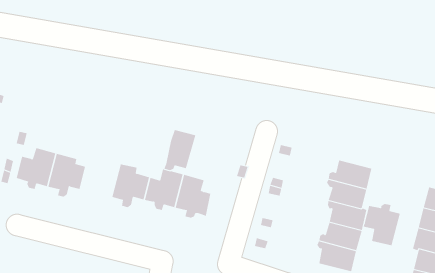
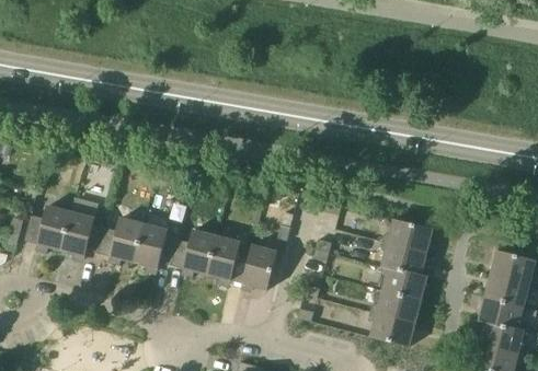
building: [164,130,196,171] -> [241,244,278,291]
building: none -> [99,217,145,265]
building: [363,203,400,246] -> none

